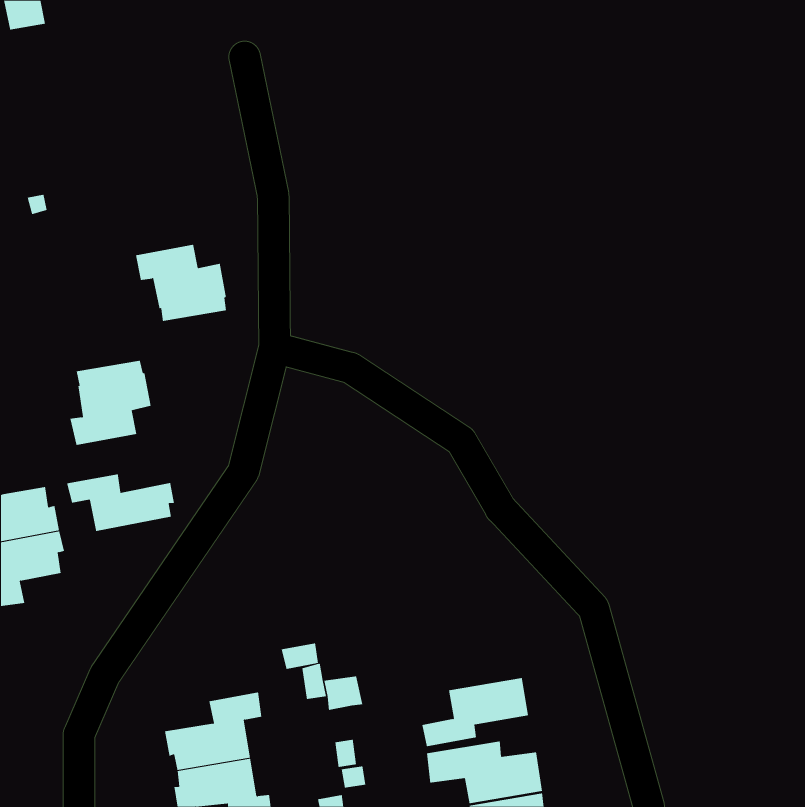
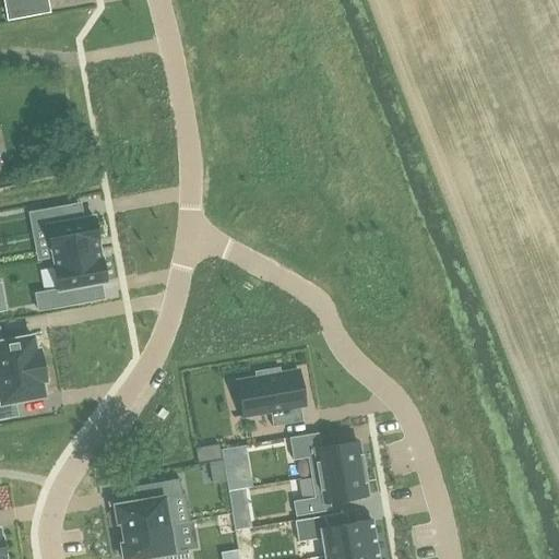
building: [135,244,227,321] -> [35,203,98,257]
building: [66,474,174,532] -> none
building: none -> [235,367,305,418]
building: none -> [289,432,362,477]

